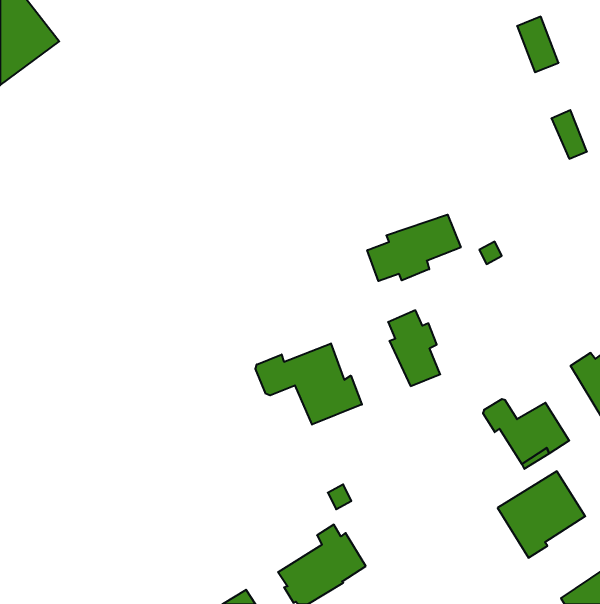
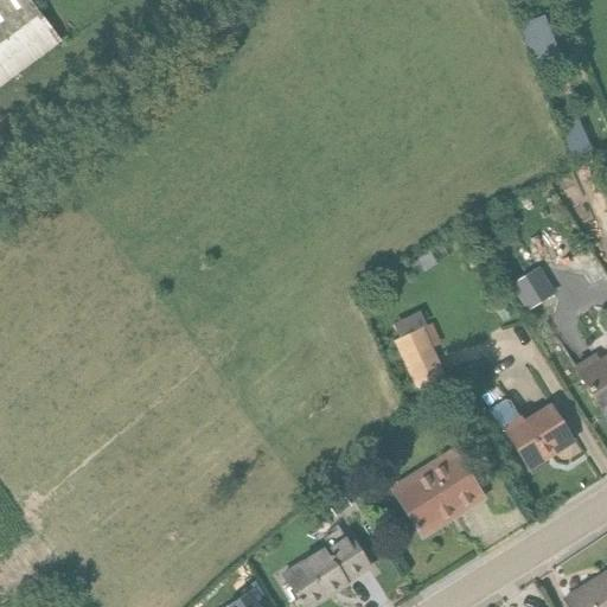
building: [367,215,461,281] -> none
building: none -> [511,267,557,312]
building: [255,343,362,425] -> none
building: [498,471,585,558] -> [394,449,481,536]

